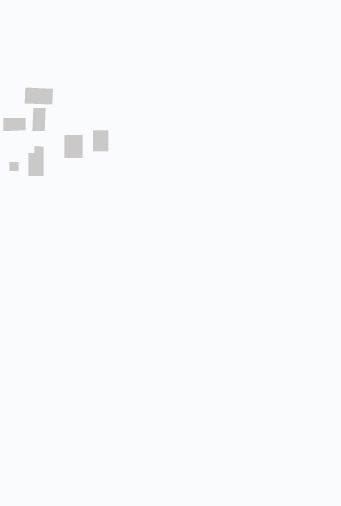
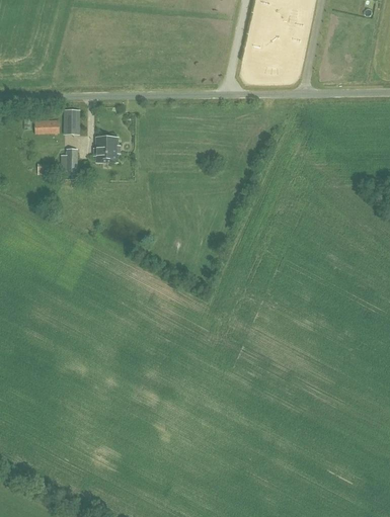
building: [24,87,54,105] -> none
building: [92,129,109,152] -> none

